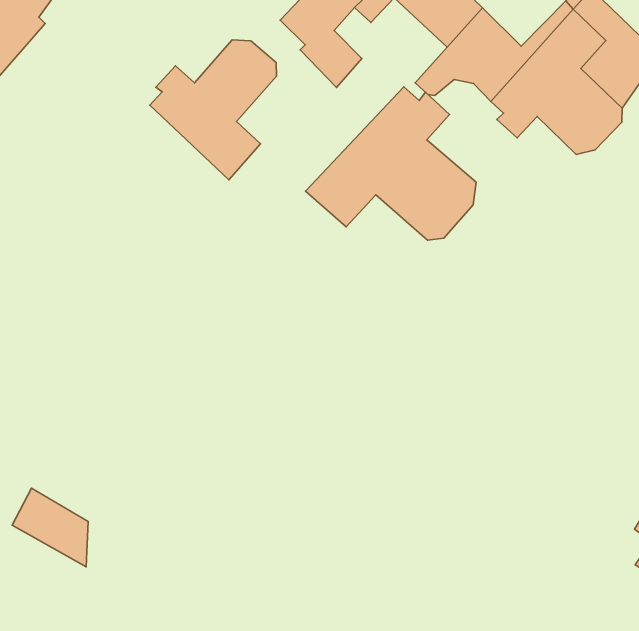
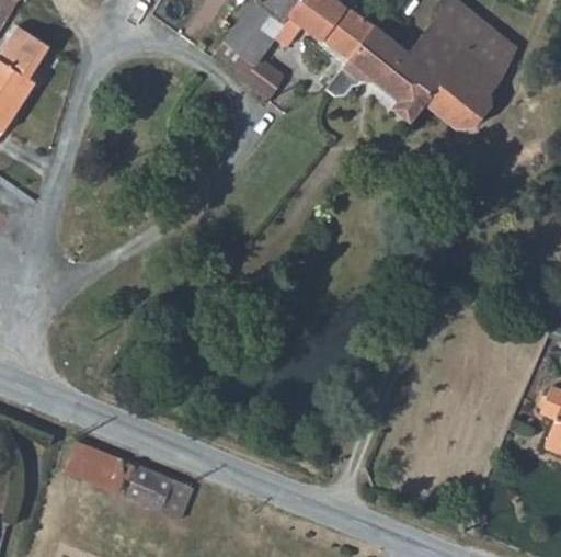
building: [150,40,277,180] -> none
building: [305,87,476,240] -> none
building: none -> [123,462,194,519]

